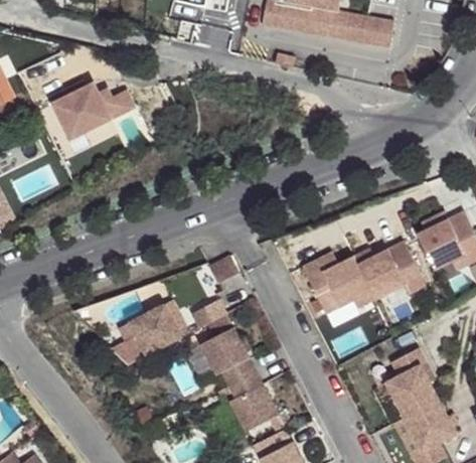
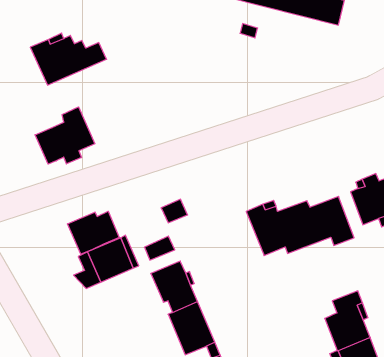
building: none -> [35,107,95,164]
building: none -> [68,211,119,254]

